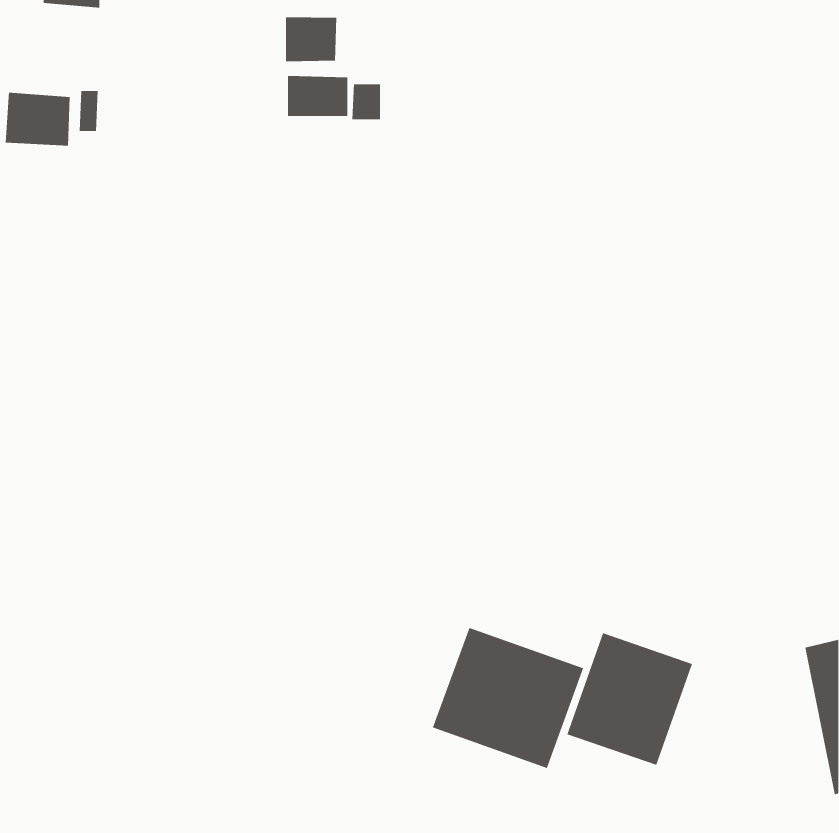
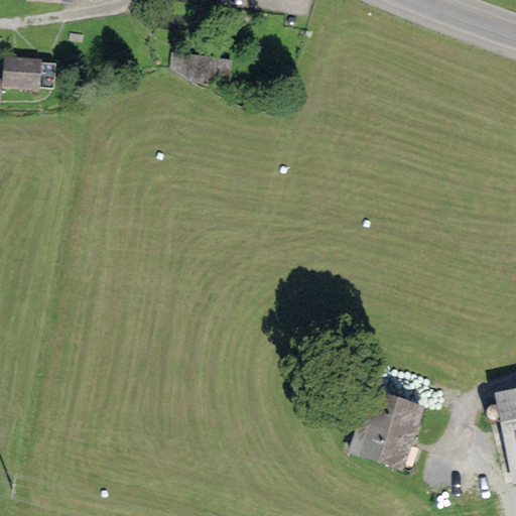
building: [285,16,337,62] -> none
building: [432,627,584,769] -> none

